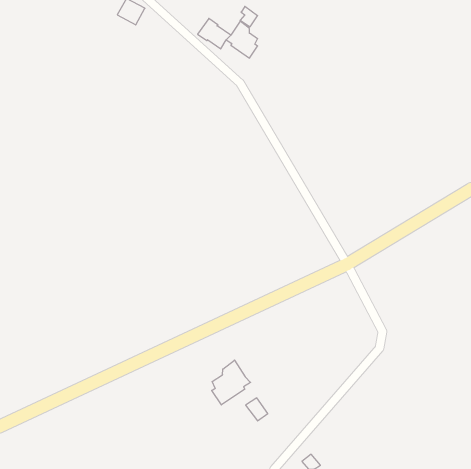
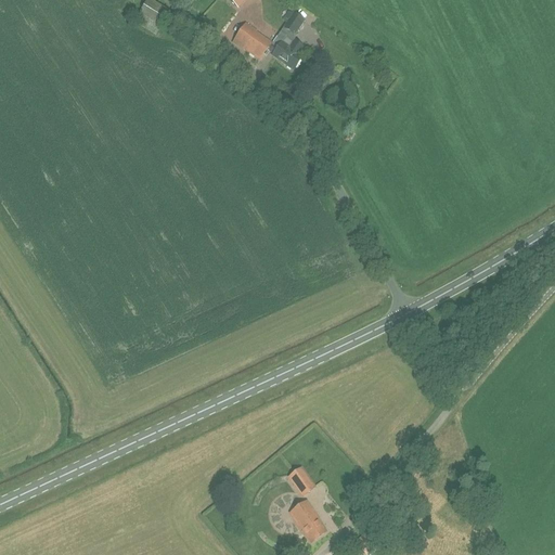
building: [212,360,251,405] -> none
building: none -> [289,500,326,541]

